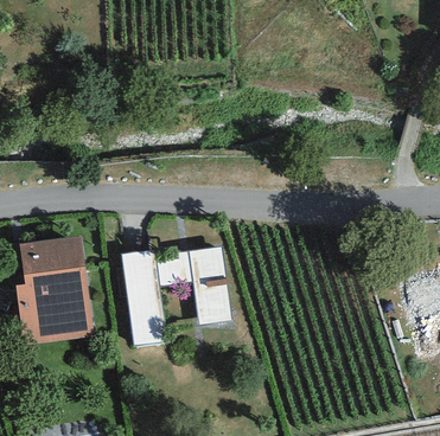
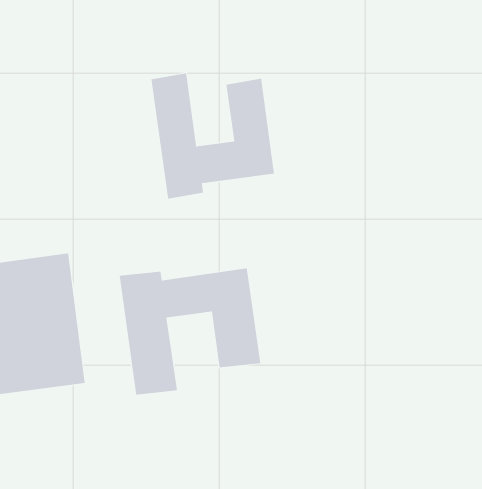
building: none -> [151,73,275,200]

